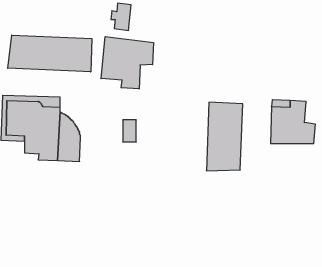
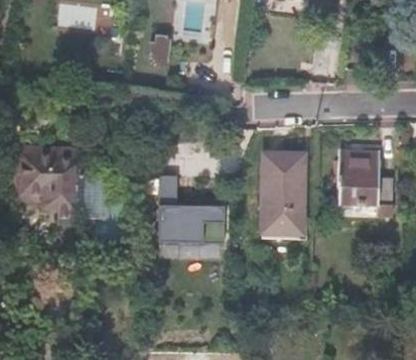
building: [8,35,92,72] -> none
building: [101,37,153,89] -> none
building: none -> [162,202,223,242]

